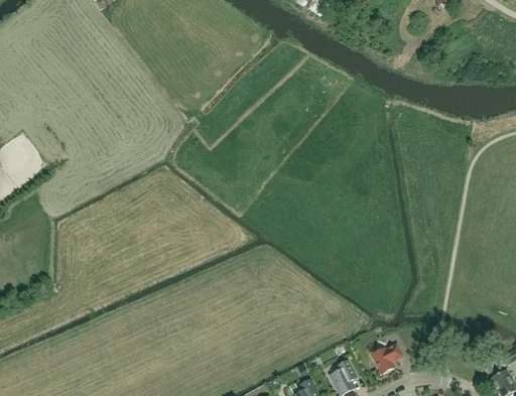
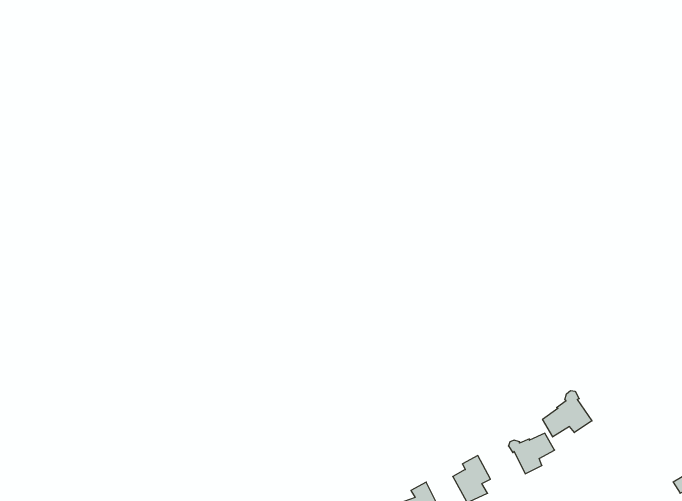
building: none -> [543,391,592,437]

